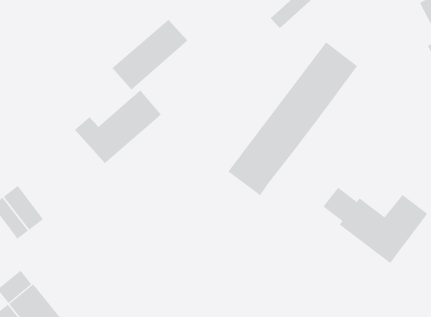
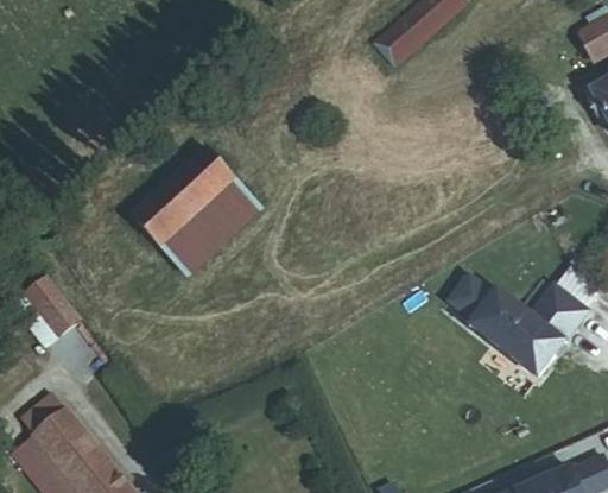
building: [111,19,188,90] -> [162,181,264,276]
building: [227,41,358,196] -> none

